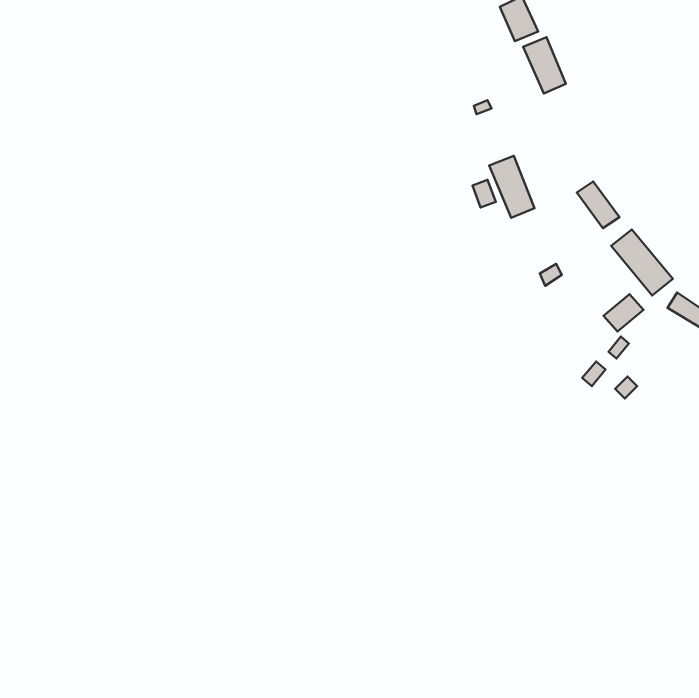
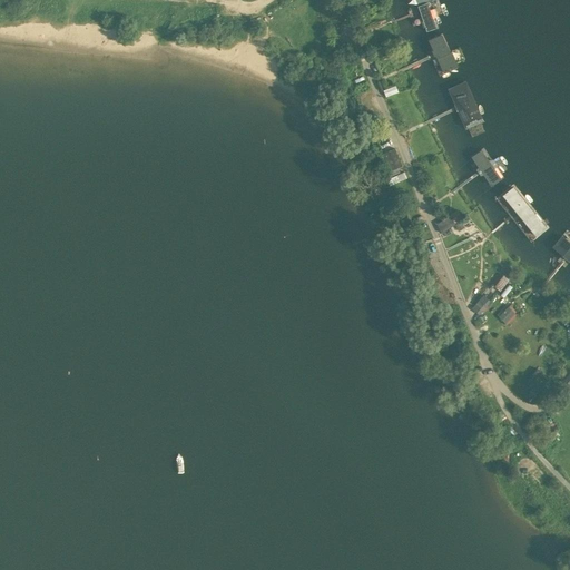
building: [489,156,534,218] -> [446,79,483,129]
building: [603,294,644,332] -> none

